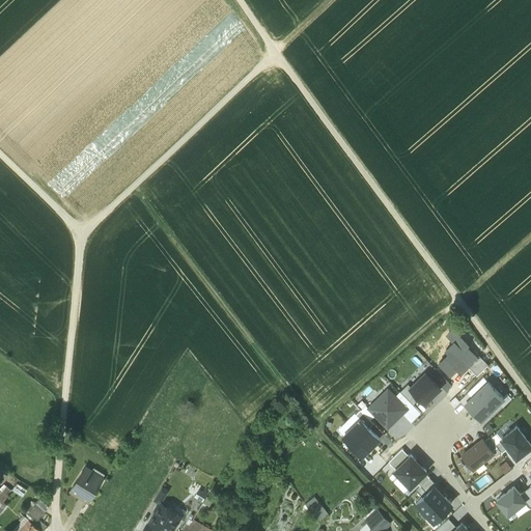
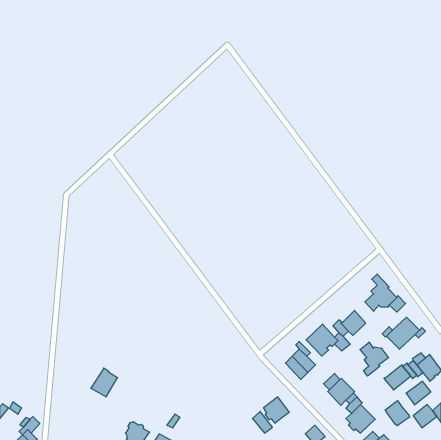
building: none -> [360,342,388,376]
building: none -> [406,381,431,405]
building: [68,470,101,504] -> [91,368,118,397]
building: none -> [264,397,289,423]
building: none -> [385,401,410,426]

